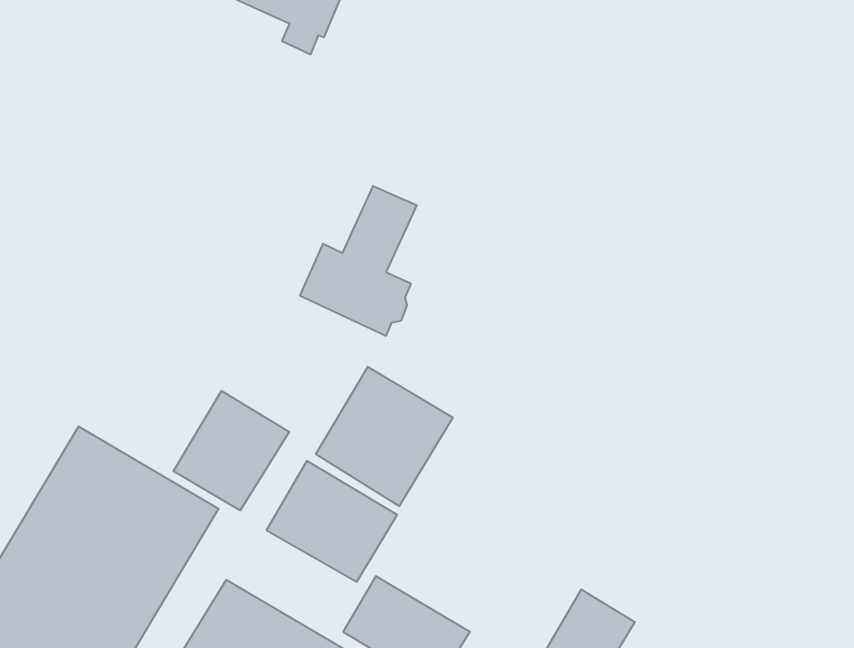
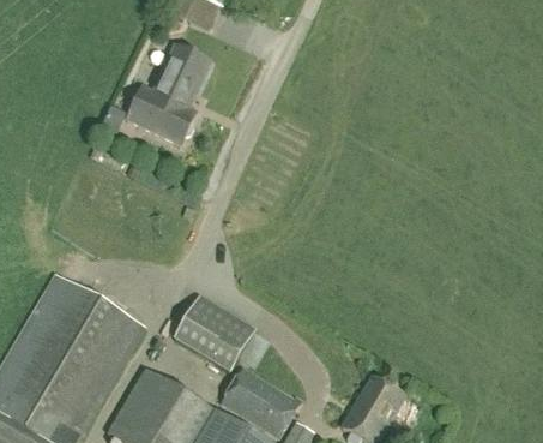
building: [300,186,417,336] -> [127,52,200,145]
building: [316,367,453,506] -> none
building: [174,391,289,510] -> none

